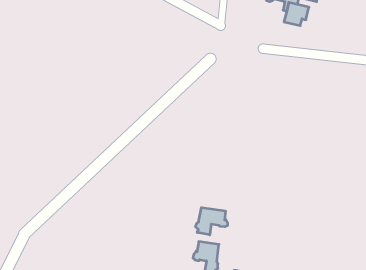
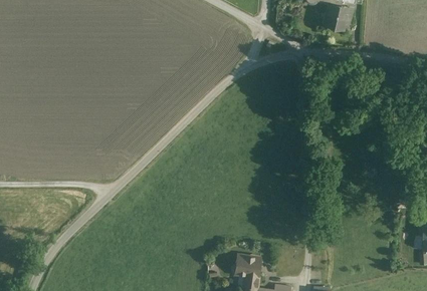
building: [196,208,227,235] -> none

